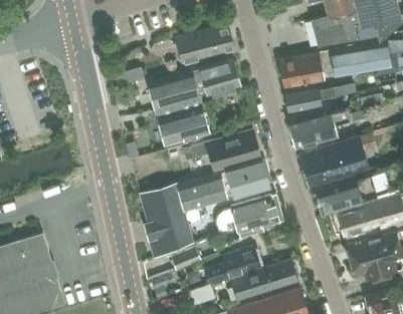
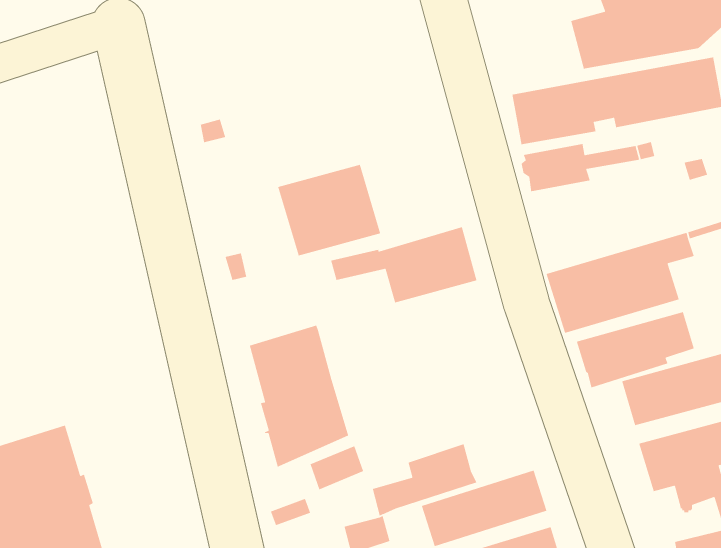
building: [174,25,234,65] -> none
building: [147,61,239,109] -> none
building: [286,108,367,149] -> none
building: [176,163,268,212] -> none
building: [231,196,282,238] -> none

